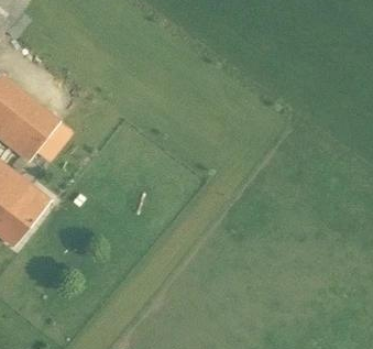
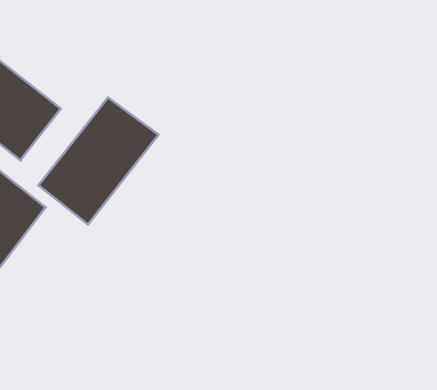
building: none -> [39,98,158,224]

